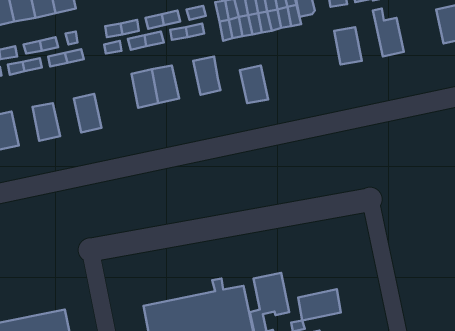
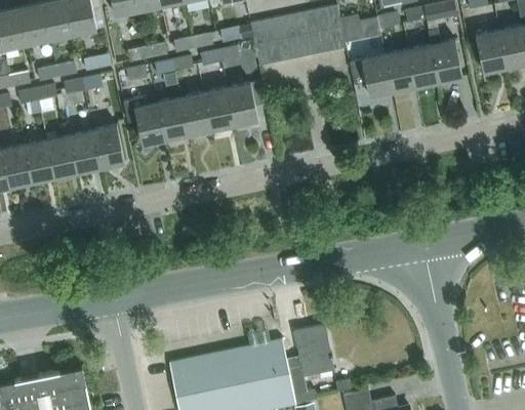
building: none -> [474,31,506,74]
building: none -> [407,45,438,88]
building: none -> [349,54,391,97]
building: [240,66,268,103] -> [202,88,234,130]
building: none -> [122,97,164,146]
building: none -> [69,130,100,172]
building: none -> [23,139,53,182]
building: [298,289,341,321] -> none

